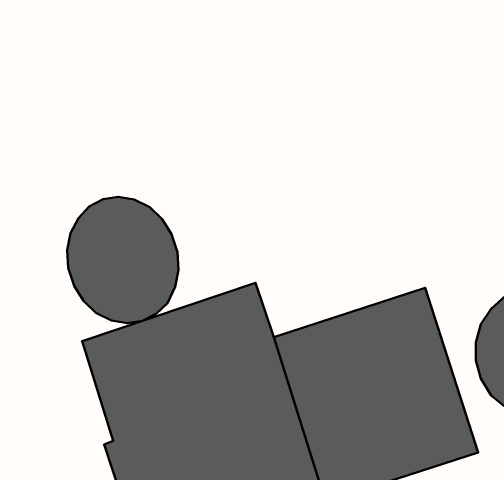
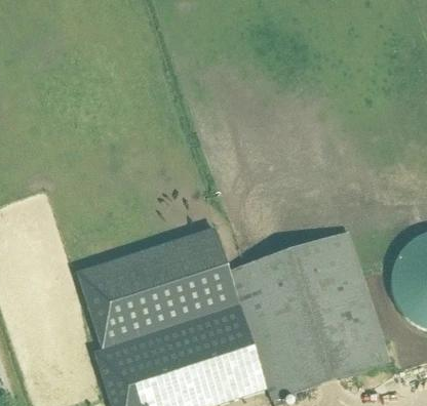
building: [67,197,179,323] -> none

